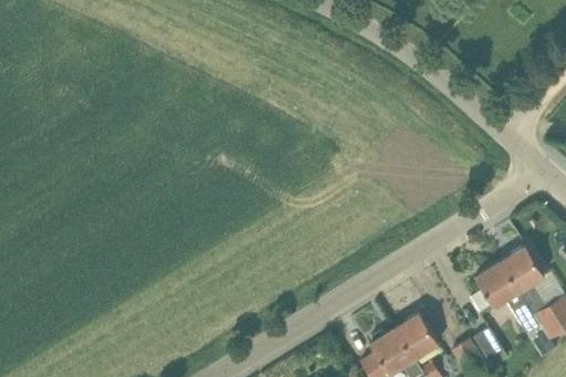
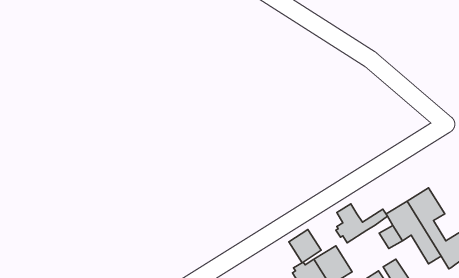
building: none -> [336,204,387,243]
building: none -> [289,229,321,263]

